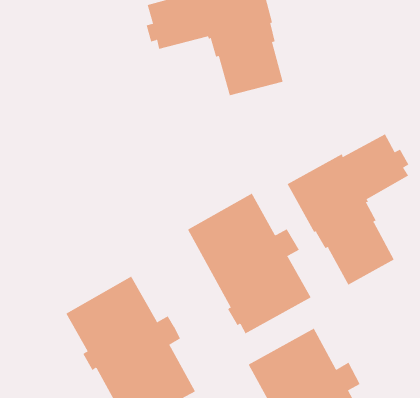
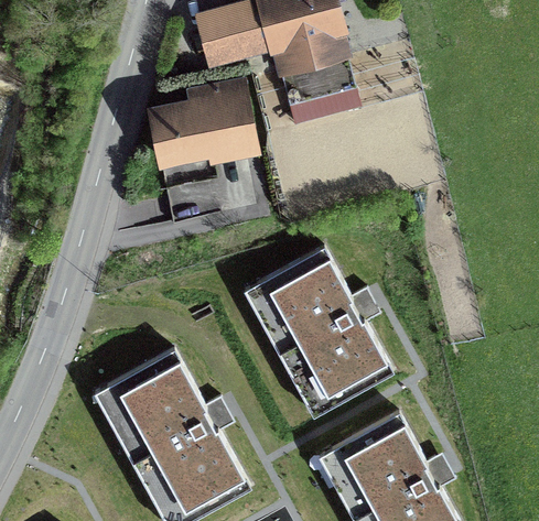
building: none -> [145,77,260,169]
building: [287,133,409,286] -> none

